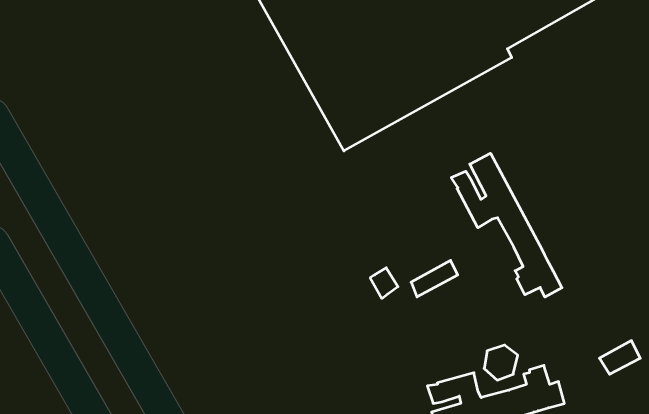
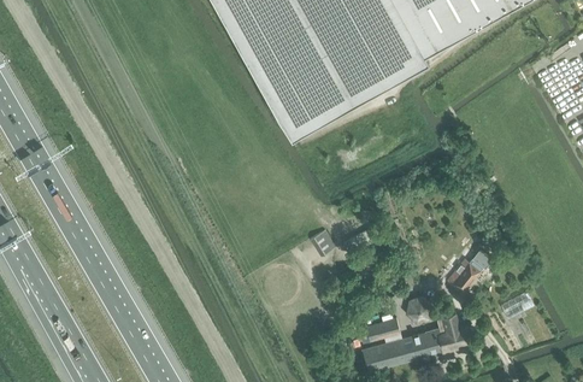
building: [451,153,562,297] -> none
building: none -> [448,254,488,293]

